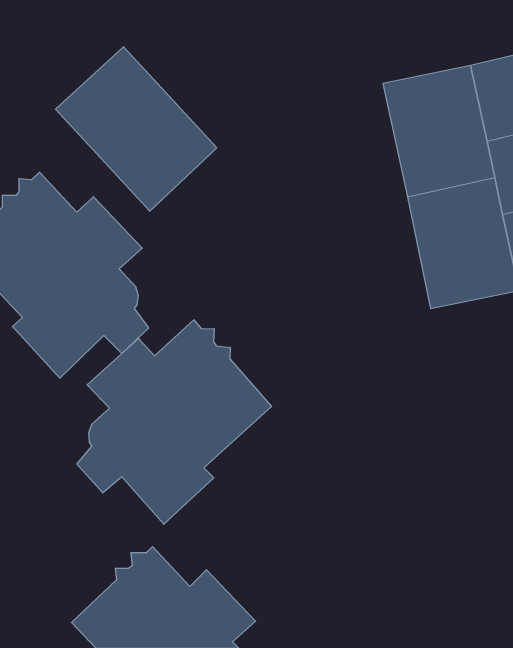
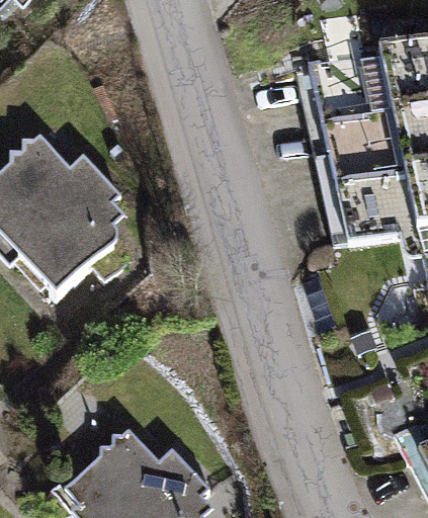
building: [55,47,217,211] -> none
building: [77,320,272,524] -> none

